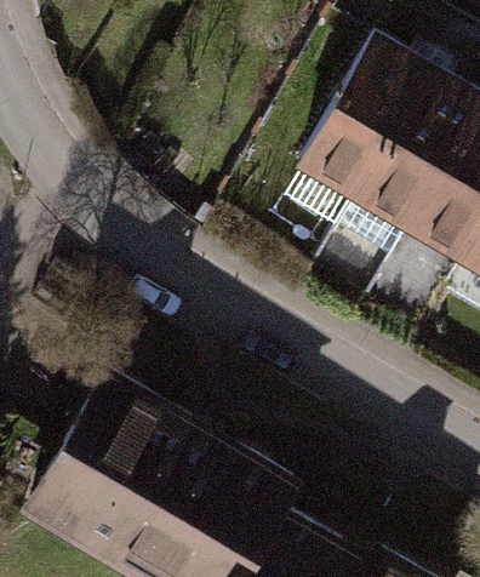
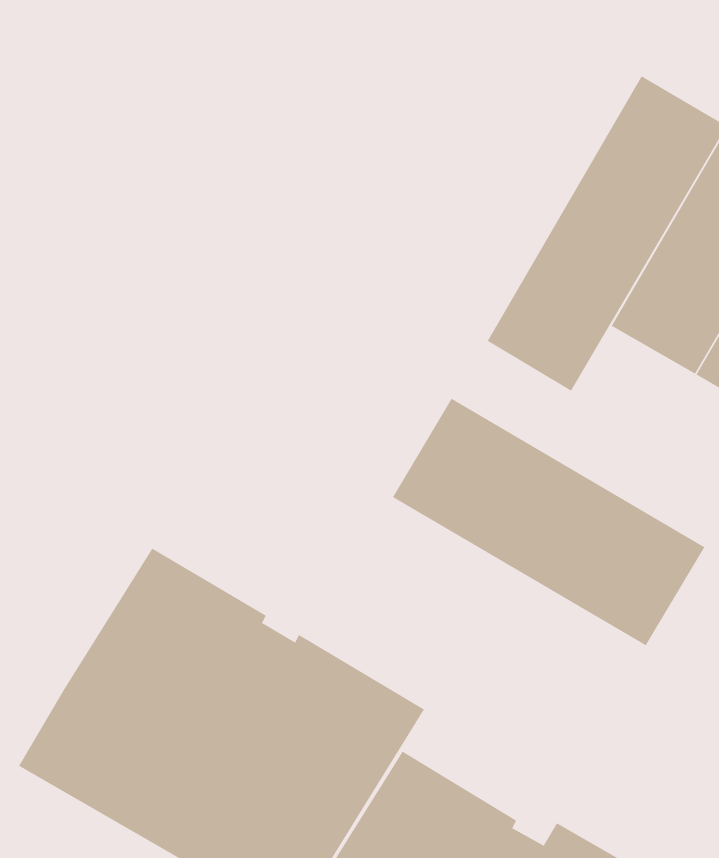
building: [298,39,428,200] -> none
building: none -> [392,398,705,646]

